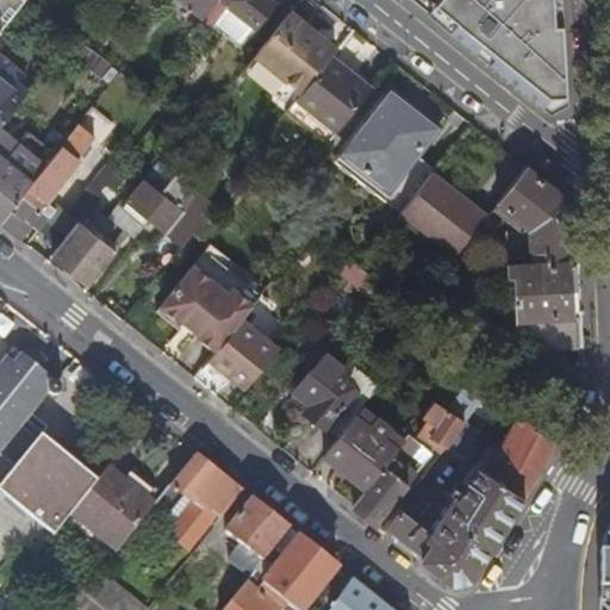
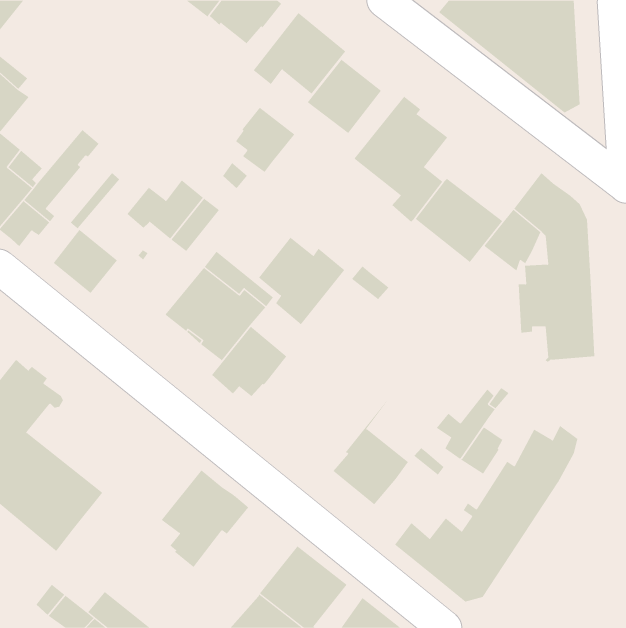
building: none -> [235,107,295,173]
building: [293,353,378,438] -> [258,237,345,325]
building: [353,465,407,523] -> none
building: [71,467,155,552] -> none
building: [225,499,288,578] -> none

